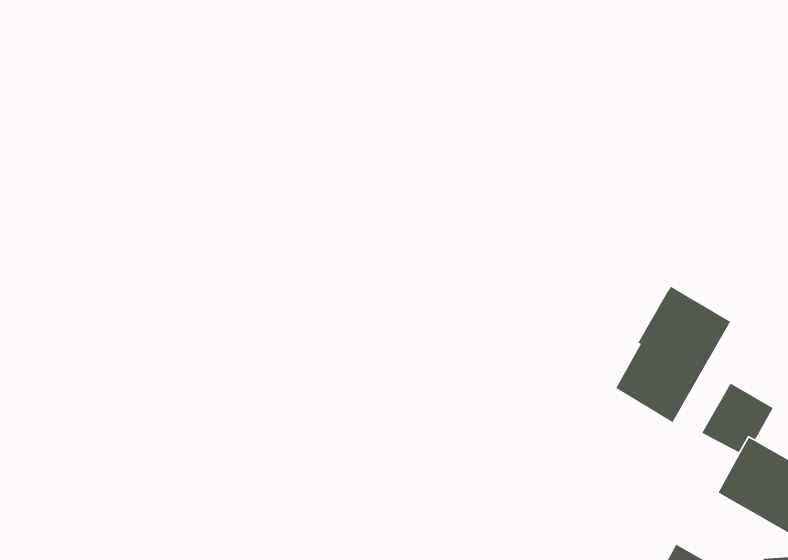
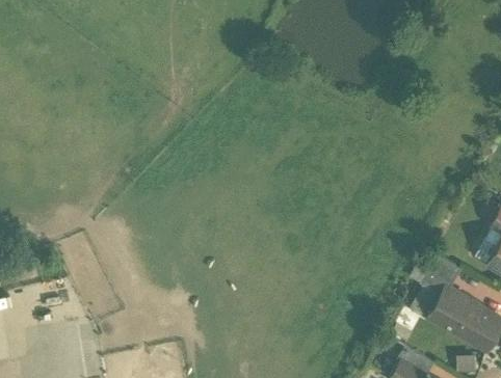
building: [615,286,731,423] -> none

